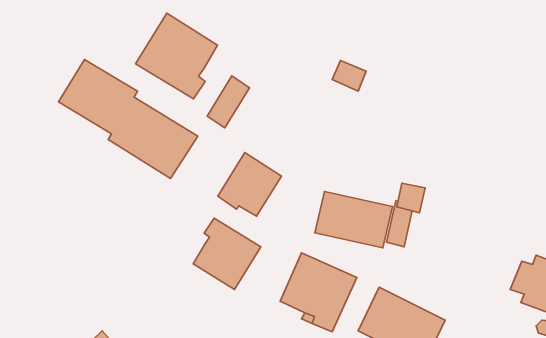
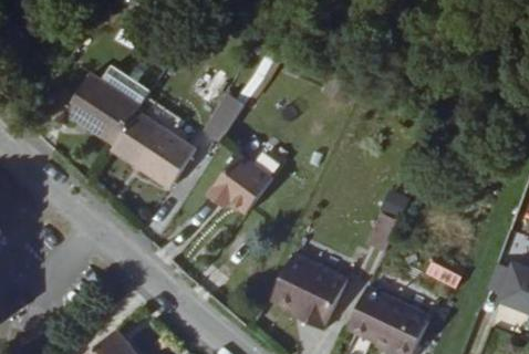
building: [136,13,218,99] -> none
building: [315,191,392,248] -> none
building: [193,218,261,290] -> none

